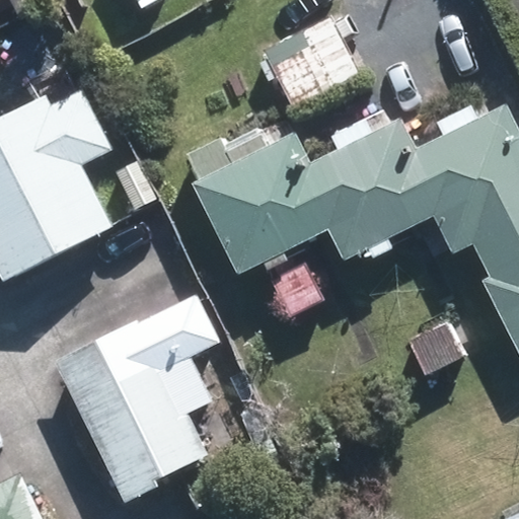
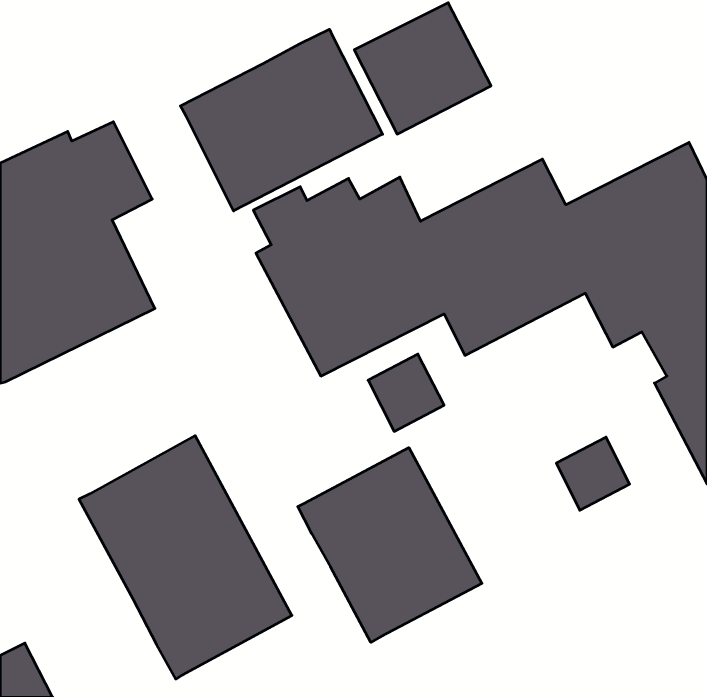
building: none -> [180,29,383,211]
building: none -> [298,448,482,642]

